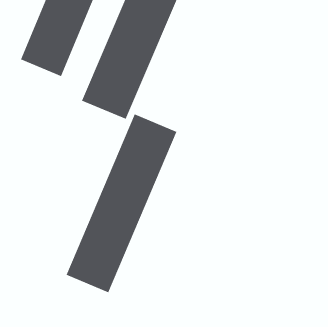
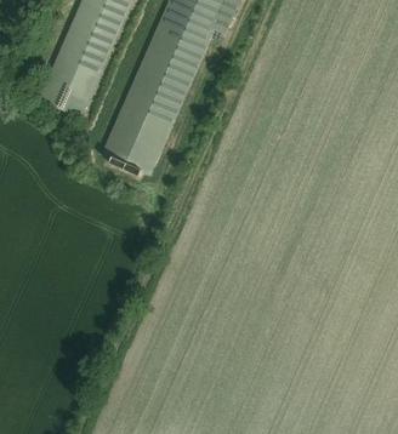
building: [66,114,177,293] -> none

